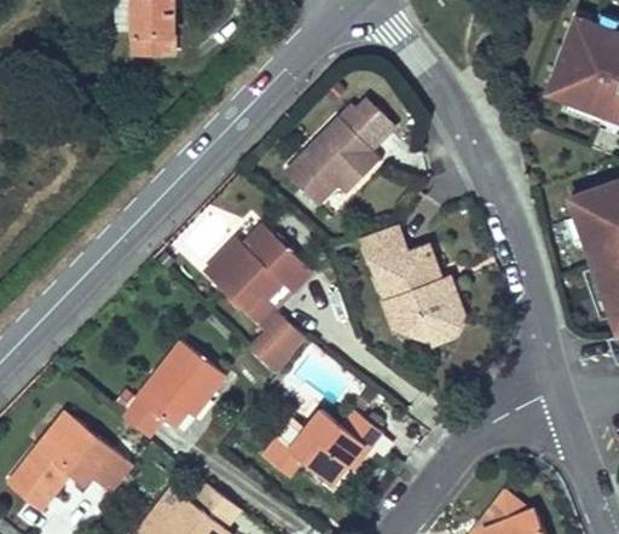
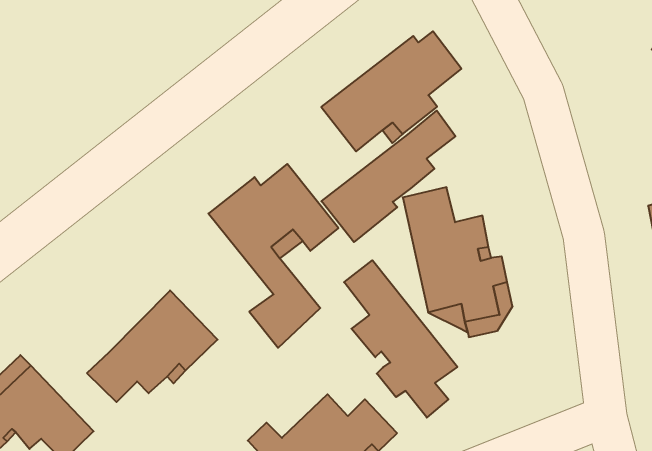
building: none -> [321,111,455,242]
building: none -> [344,260,457,418]

